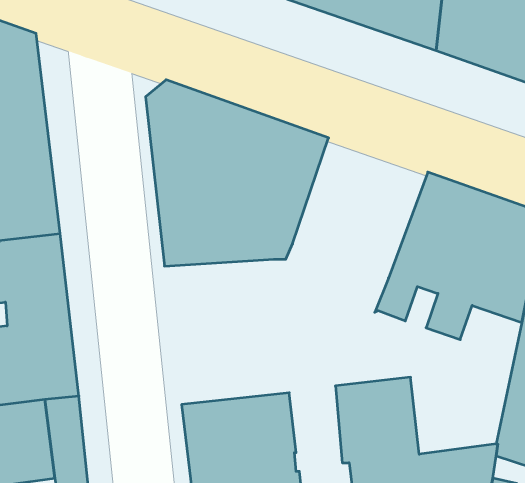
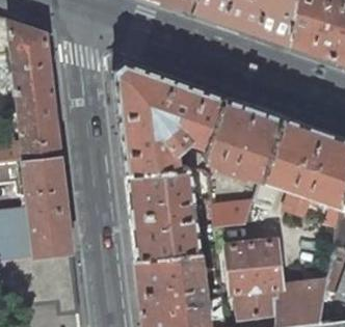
building: none -> [203,97,285,182]
building: none -> [125,170,211,258]
building: none -> [211,201,255,228]

